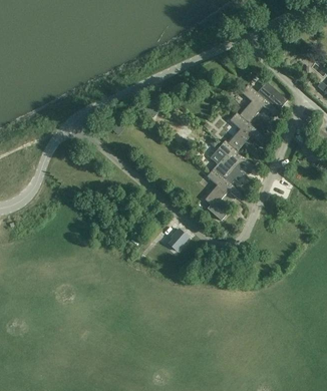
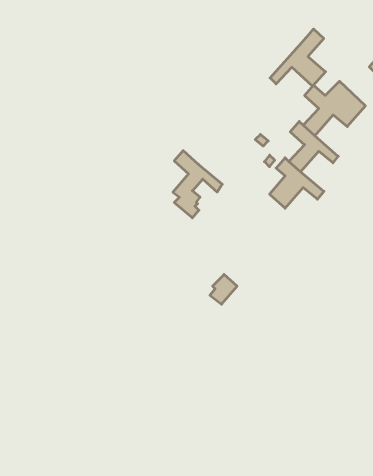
building: none -> [270,29,326,86]
building: [205,167,243,220] -> [173,151,222,218]

